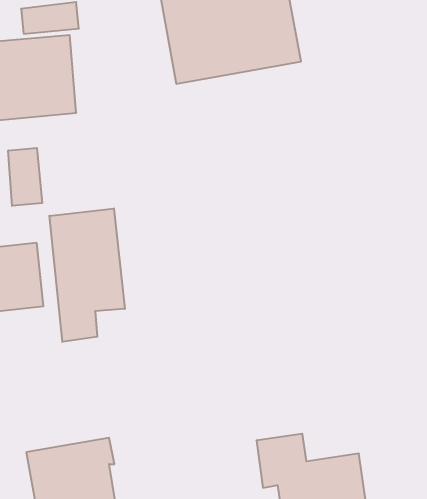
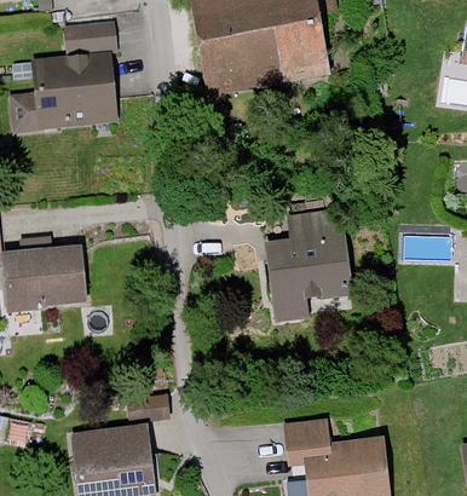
building: [8,148,42,206] -> none
building: none -> [266,209,348,321]
building: [49,208,125,342] -> none

